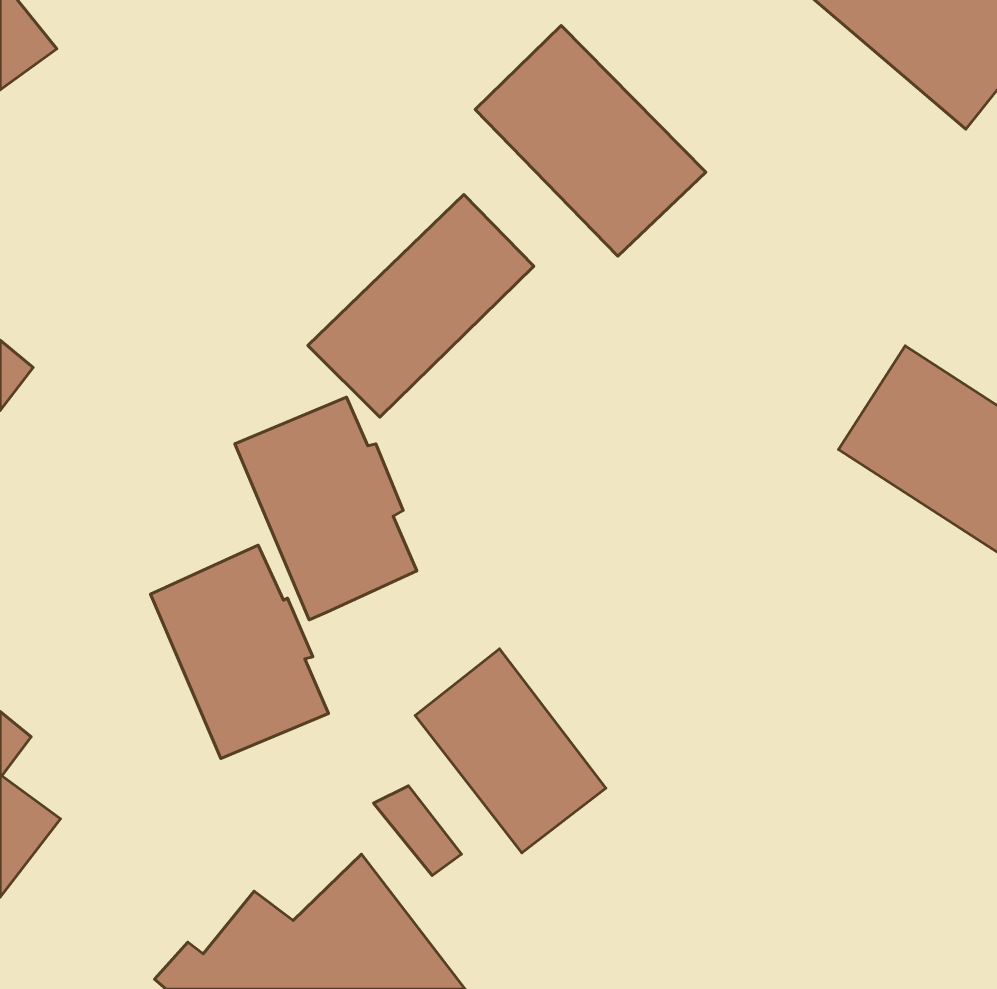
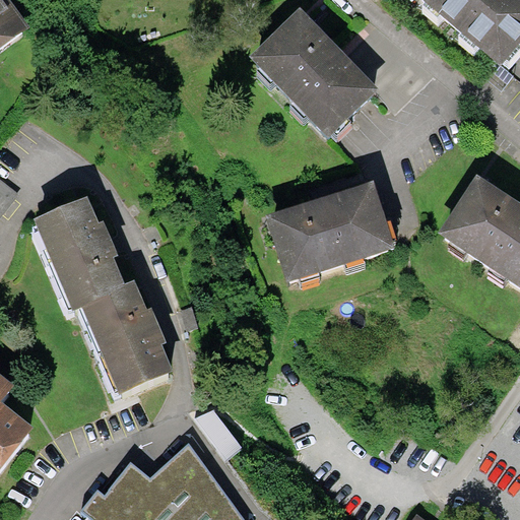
building: [308,194,534,417] -> none
building: none -> [263,187,385,279]
building: [235,397,417,620] -> [31,197,126,313]
building: [415,649,606,853] -> none

